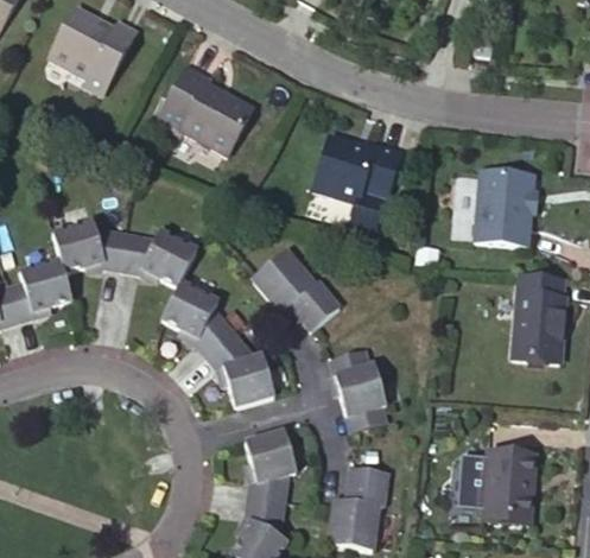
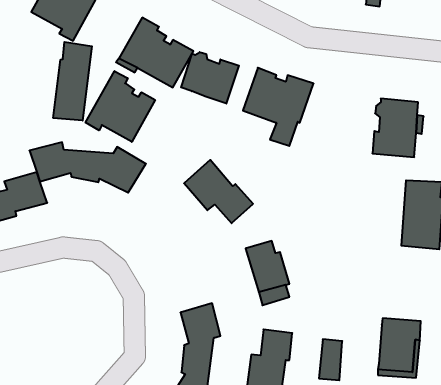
building: none -> [53,42,92,121]
building: none -> [181,52,239,104]
building: none -> [86,71,155,142]
building: [157,283,269,408] -> none
building: [467,455,496,507] -> [319,339,342,380]

